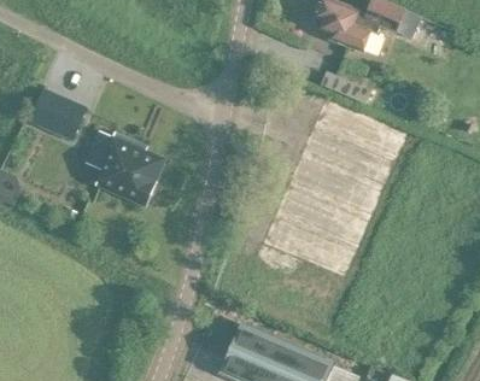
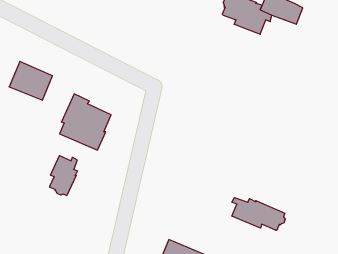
building: none -> [50,156,78,196]
building: none -> [232,198,285,230]

